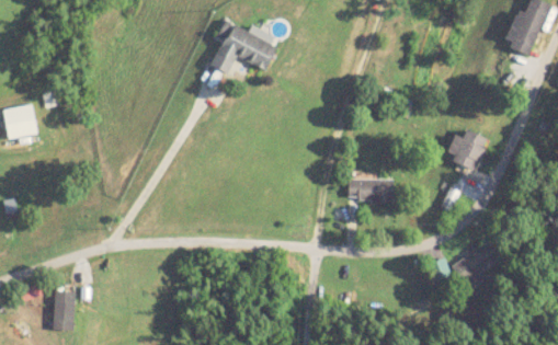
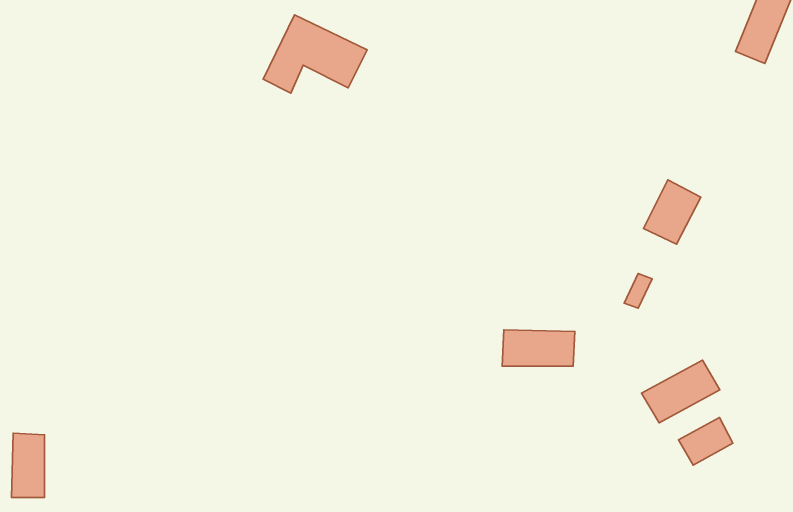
building: [346,179,392,202] -> [502,330,575,366]
building: none -> [679,418,733,465]

